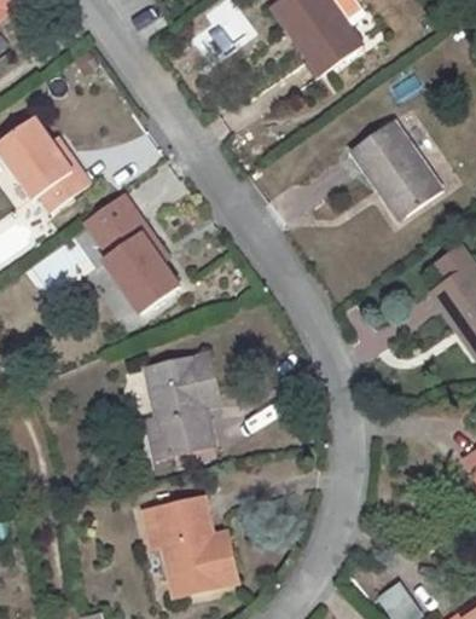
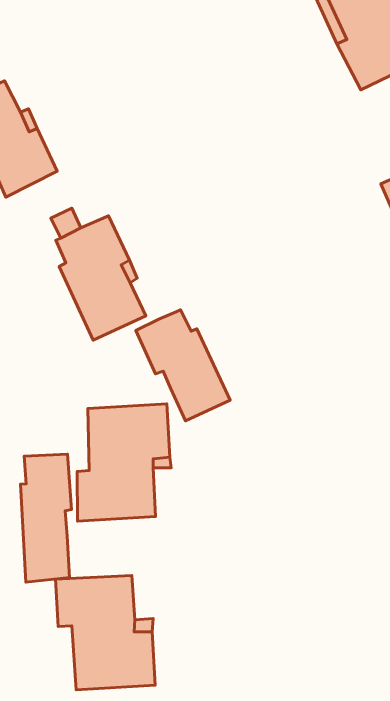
building: none -> [136,310,230,421]
building: none -> [20,454,72,582]

